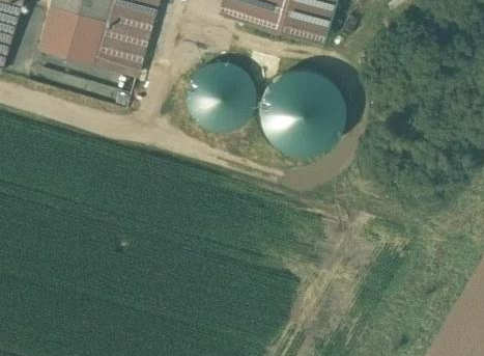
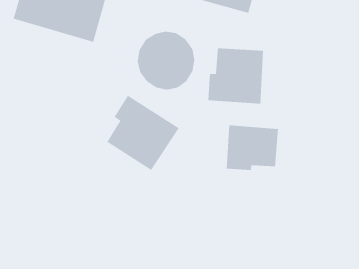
building: none -> [106,95,180,171]
building: none -> [226,125,278,171]

